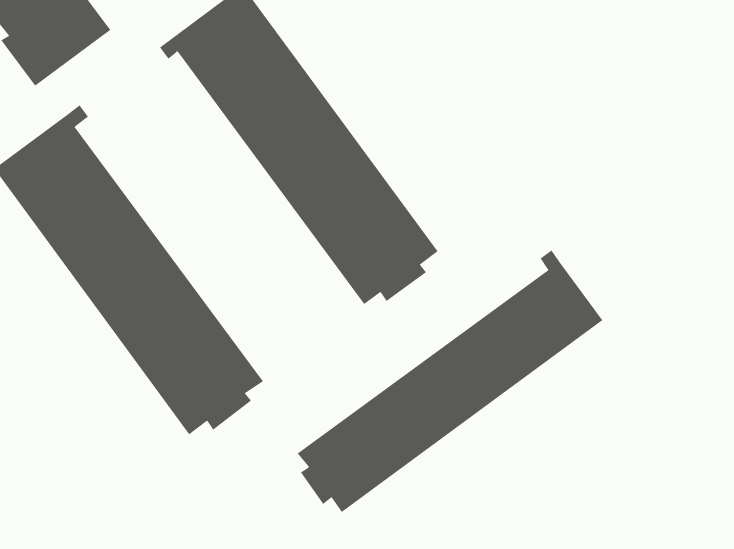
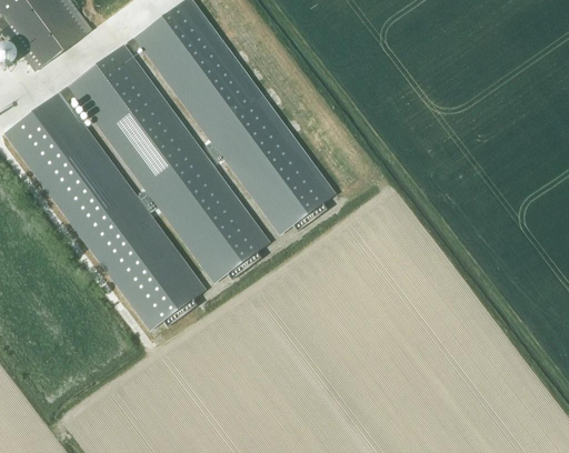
building: none -> [68,43,269,281]
building: [297,250,603,513] -> none

